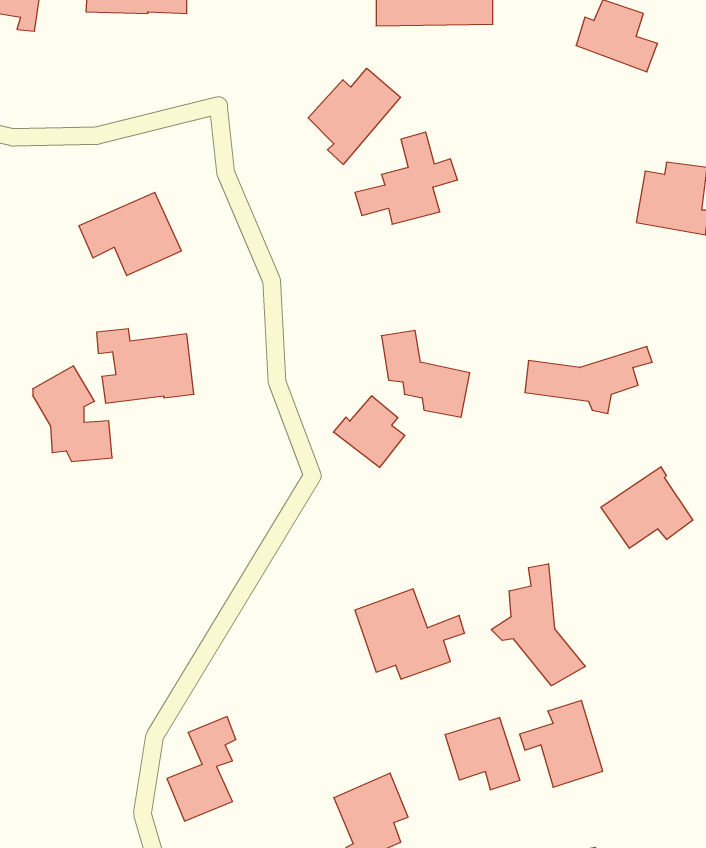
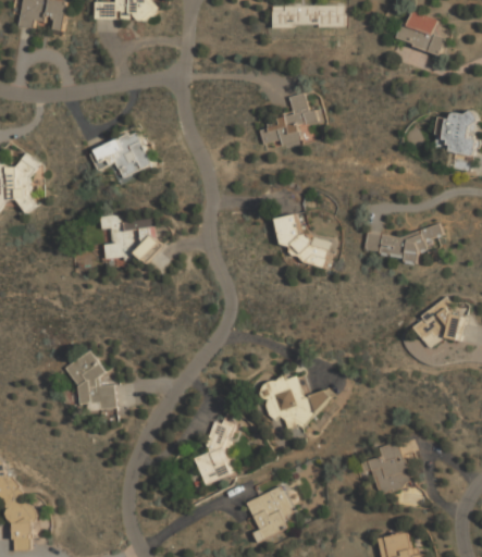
building: [308,68,401,164] -> none
building: [33,366,112,461] -> [67,350,116,409]
building: [333,396,405,467] -> none
building: [491,564,585,686] -> none
building: [167,717,236,821] -> [193,420,235,484]
building: [445,717,520,790] -> none

